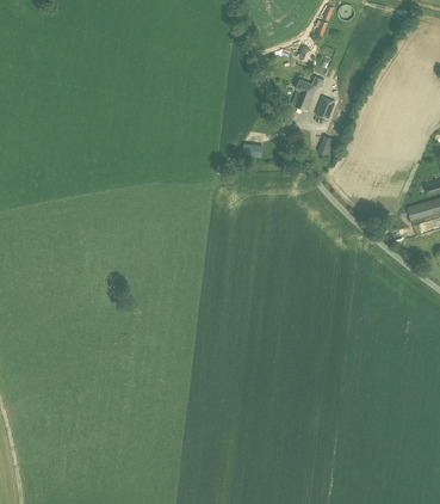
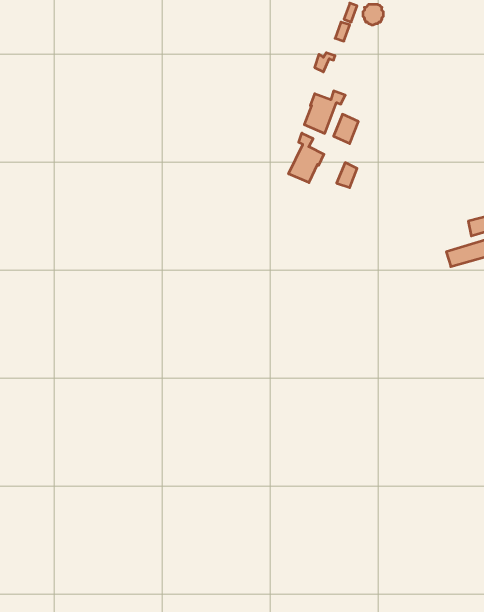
building: none -> [289,133,324,183]

